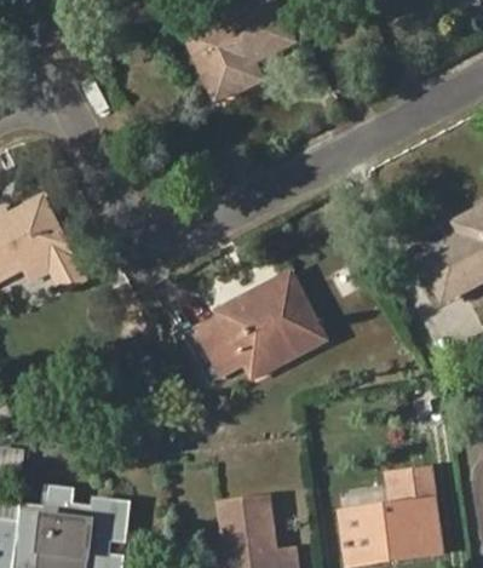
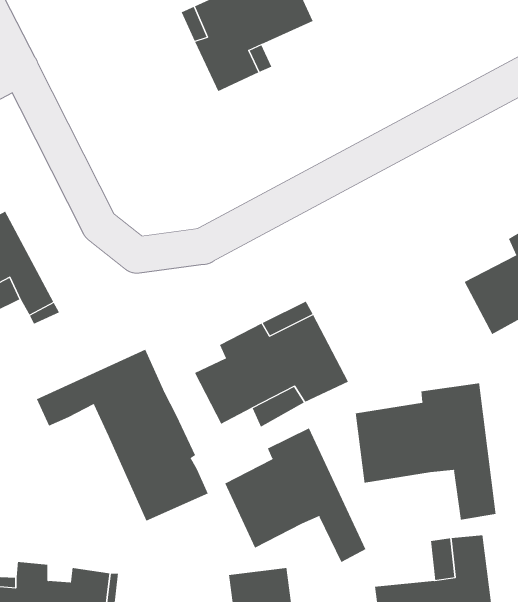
building: none -> [36,349,209,522]
building: none -> [355,382,496,521]
building: none -> [225,428,366,563]

